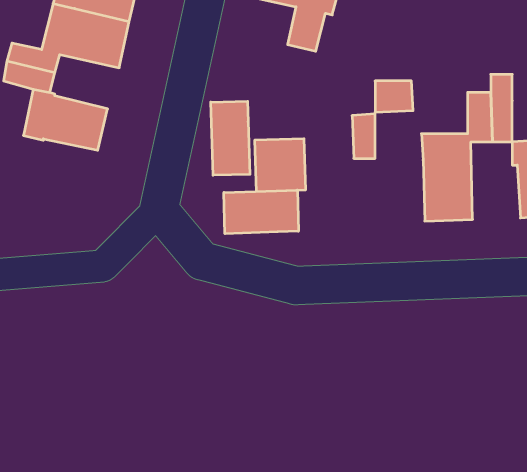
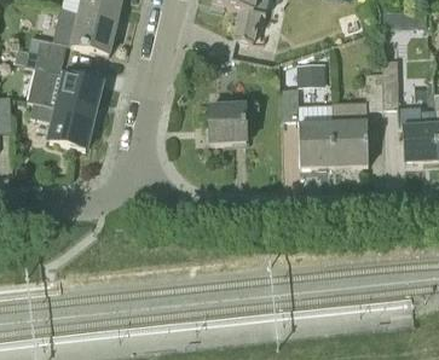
building: [211,101,250,175] -> none
building: none -> [30,99,94,147]
building: none -> [299,120,334,164]
building: [224,190,298,234] -> none

